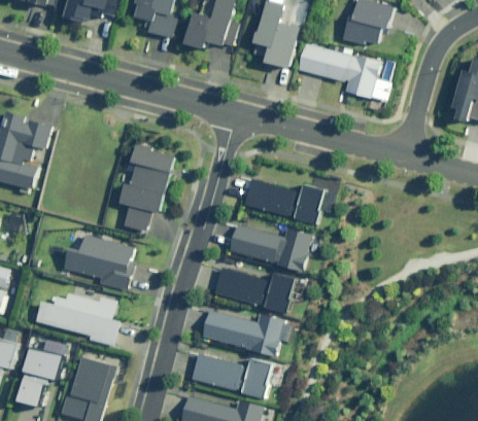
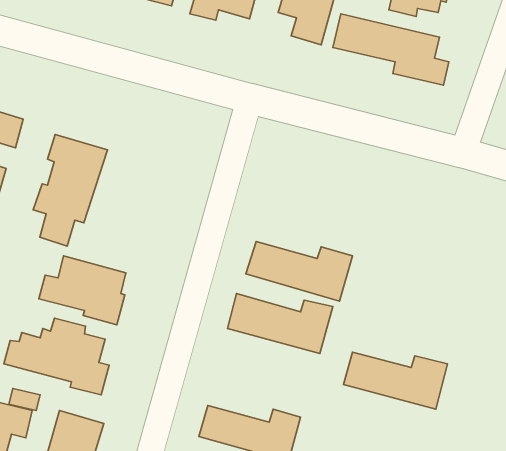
building: [118,143,177,232] -> [33,134,107,246]
building: [245,178,336,224] -> none
building: [202,310,284,355] -> [343,352,447,409]

